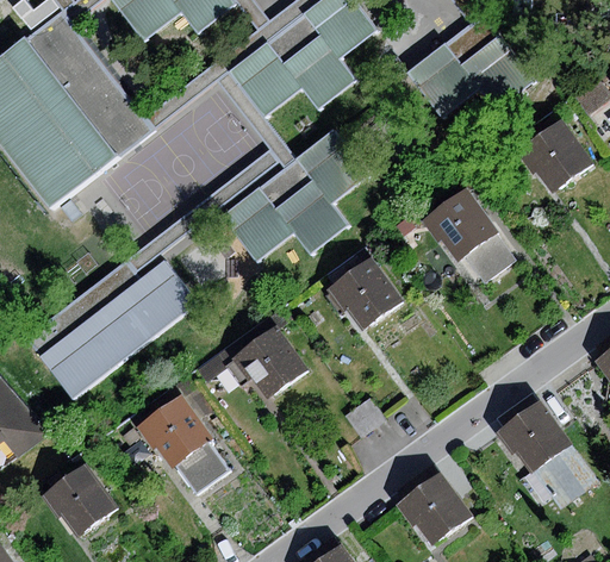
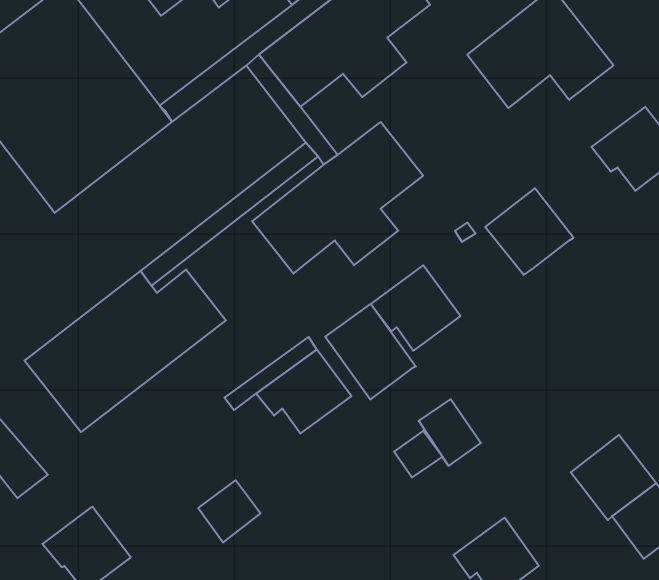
building: [465,233,516,283] -> none
building: none -> [325,304,416,399]
building: none -> [419,399,481,466]
building: [136,395,211,467] -> none

